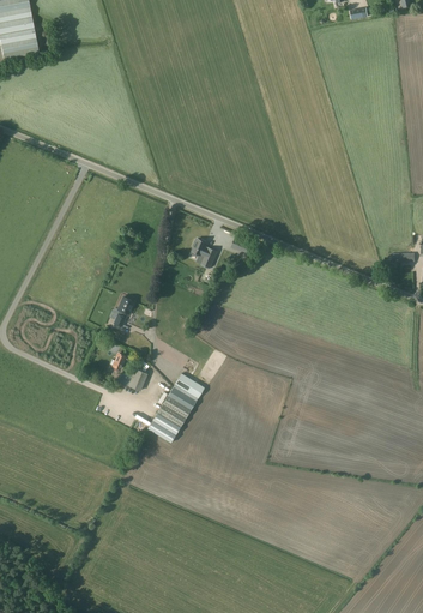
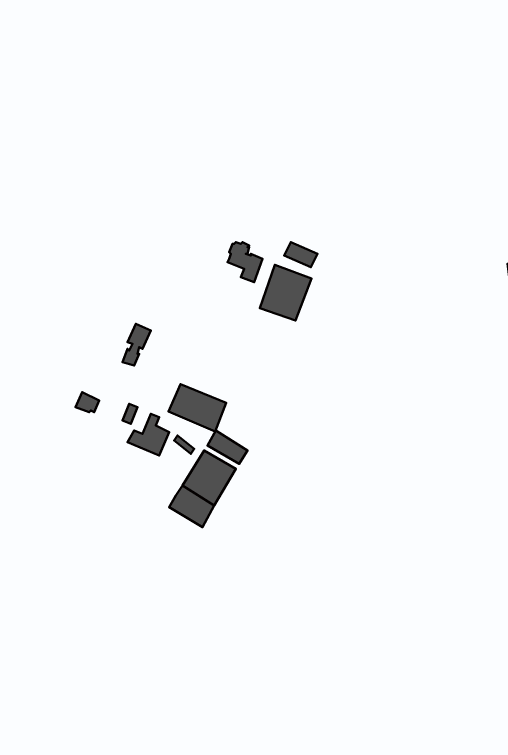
building: none -> [260,265,312,321]
building: none -> [168,384,226,431]

